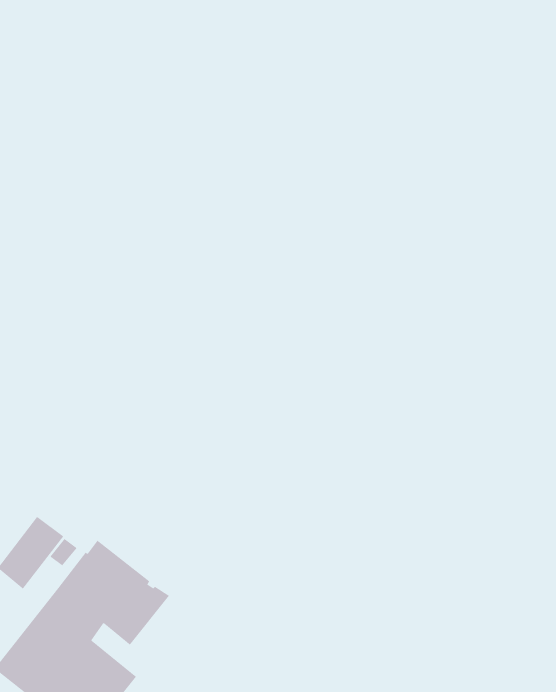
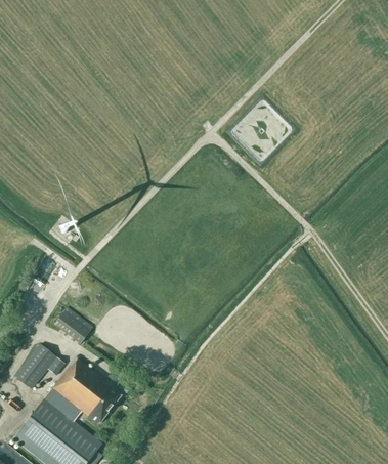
building: none -> [55,307,94,344]

